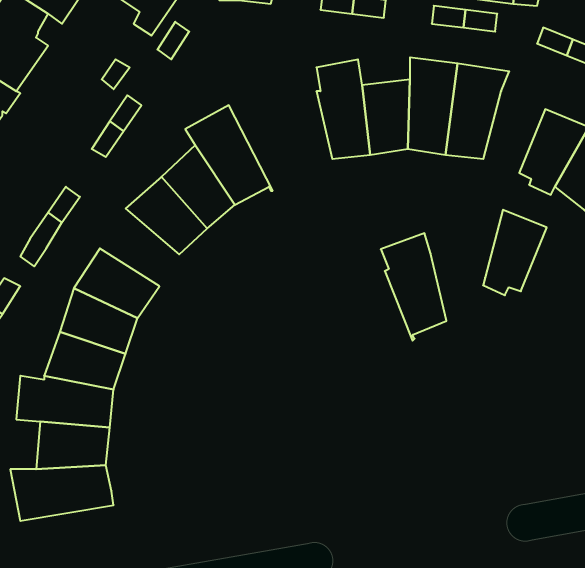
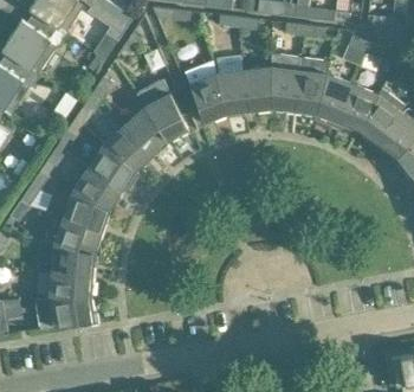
building: none -> [88,143,138,189]
building: [483,210,547,295] -> [315,73,352,124]
building: [381,233,446,341] -> [187,62,226,126]

